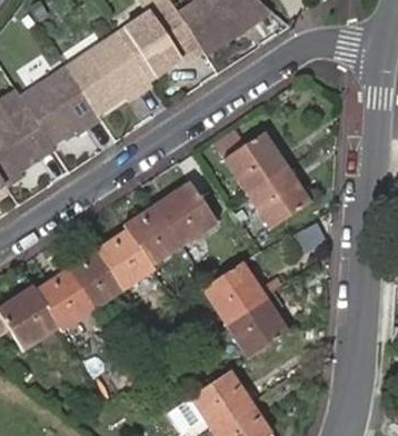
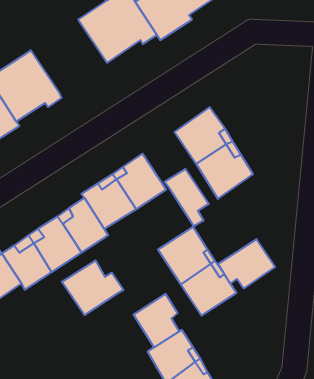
building: [68,36,152,116] -> none
building: none -> [165,169,209,226]
building: none -> [218,239,275,288]
building: none -> [62,260,124,315]
building: none -> [133,294,179,347]

